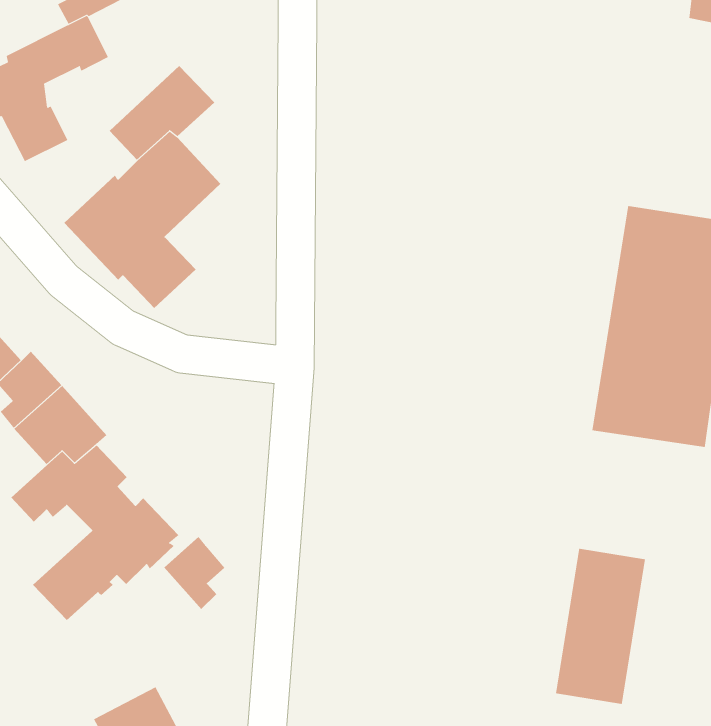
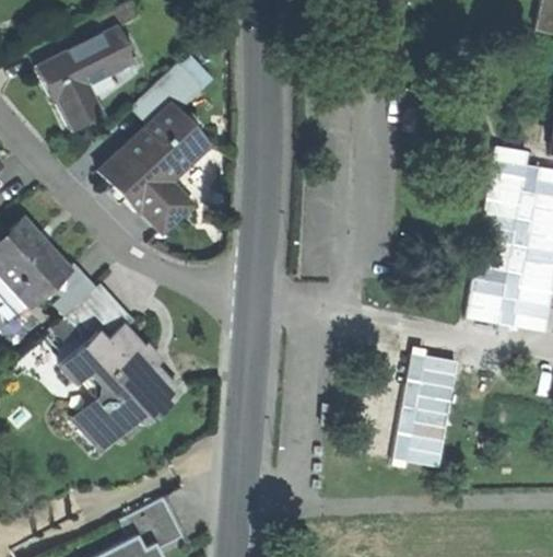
building: [163,536,225,610] -> none
building: [555,548,646,704] -> [395,353,458,463]

